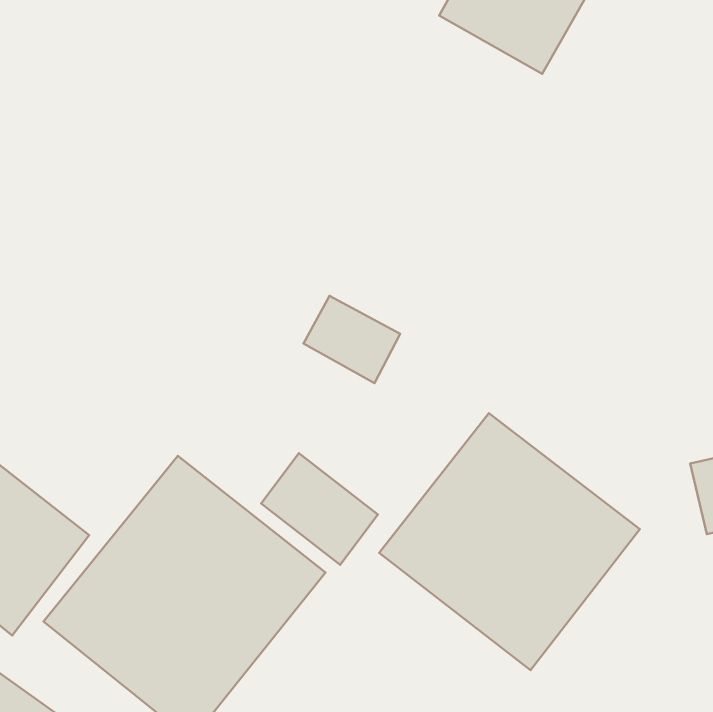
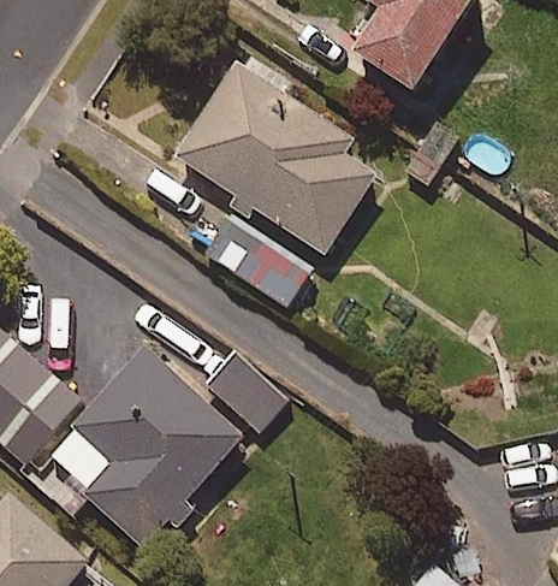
building: none -> [176,61,386,254]
building: [379,413,640,670] -> none

